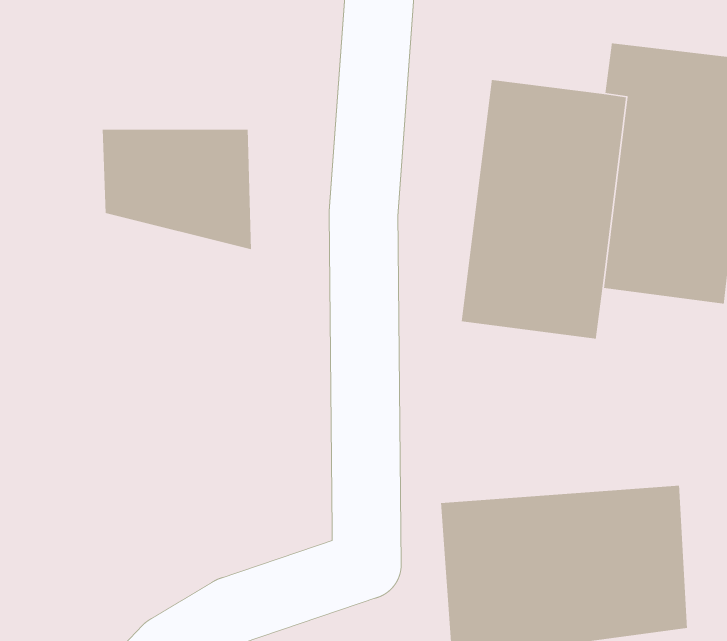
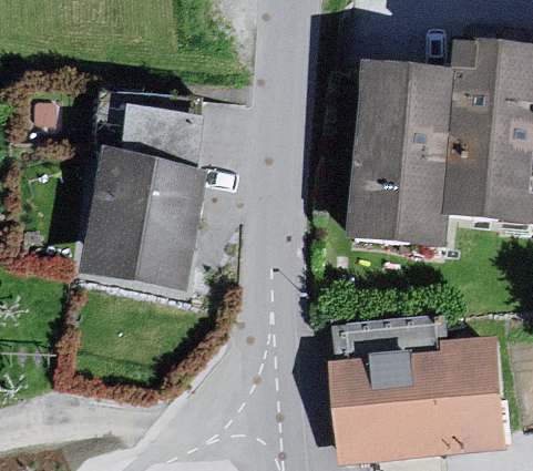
building: none -> [76,158,201,301]

